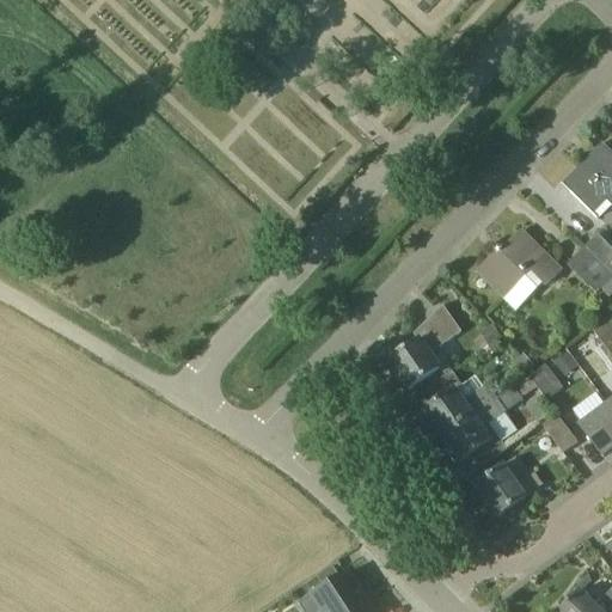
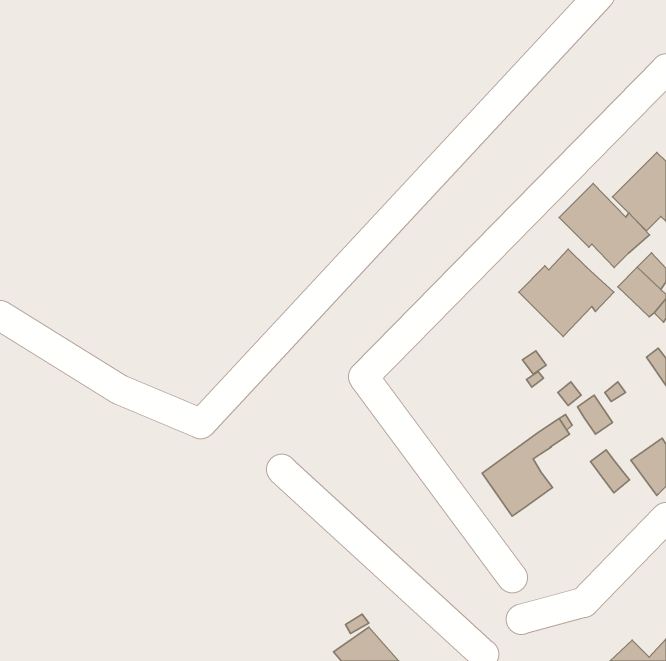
building: none -> [559,183,650,267]
building: [388,310,453,387] -> none
building: [422,368,495,434] -> none
building: [476,455,543,514] -> none

